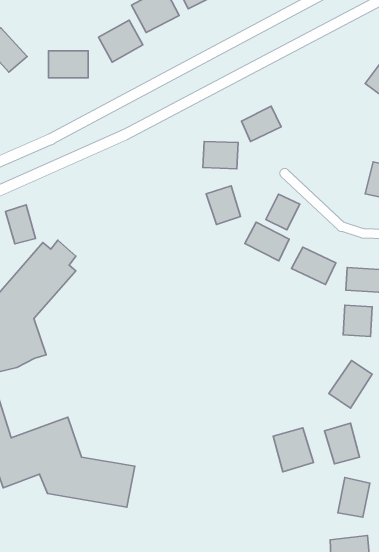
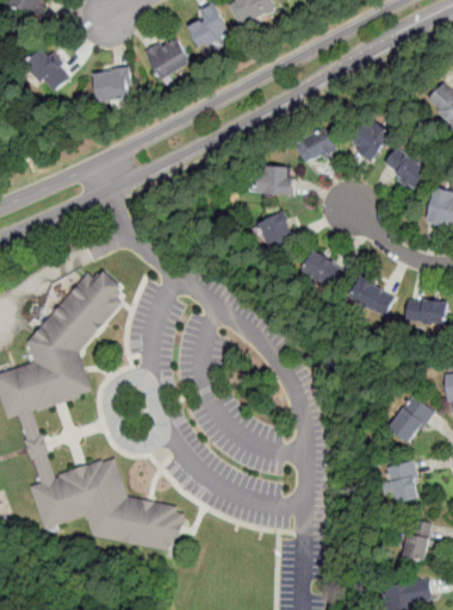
building: none -> [348,118,391,162]
building: none -> [384,147,427,191]
building: [266,194,300,230] -> none
building: [6,205,36,244] -> none
building: [343,305,372,337] -> none
building: [273,428,314,472] -> none

